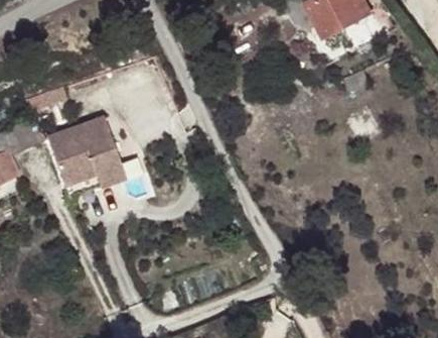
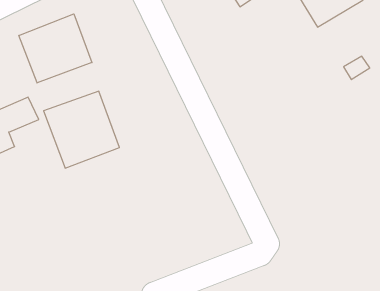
building: none -> [19,14,92,83]

